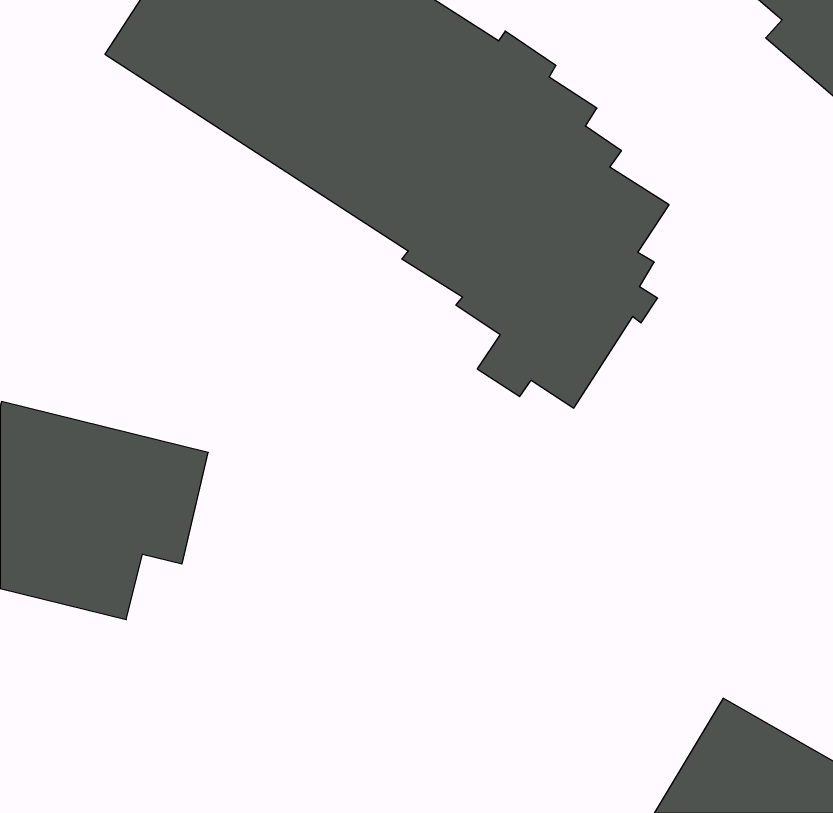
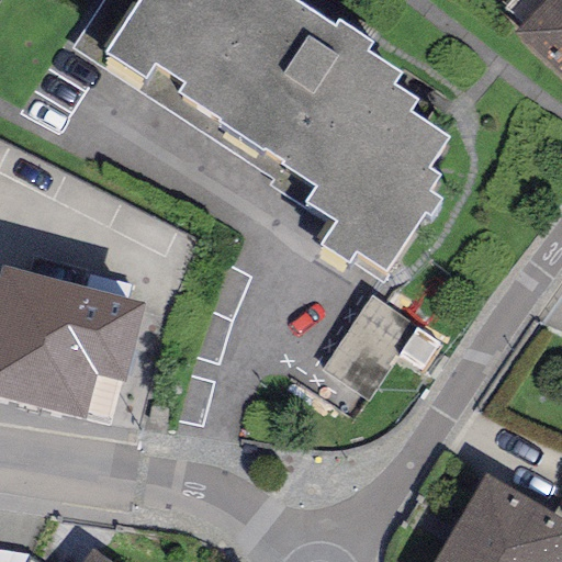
building: none -> [325,283,419,387]

